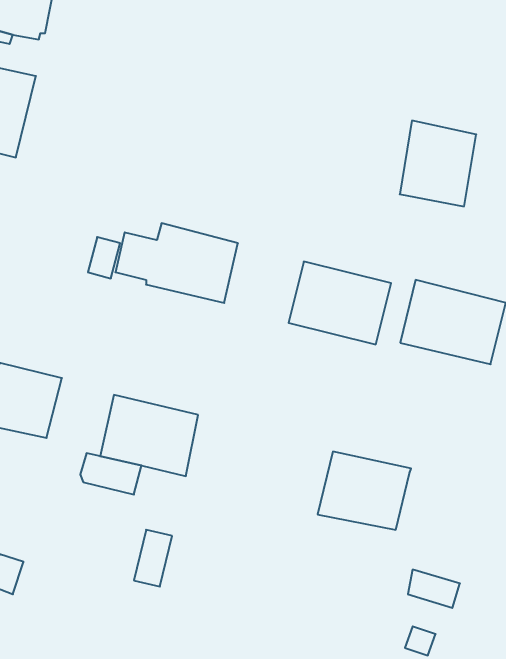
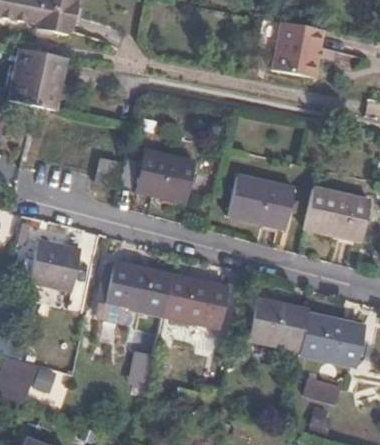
building: [400,121,476,206] -> [274,19,324,75]
building: none -> [162,276,228,330]
building: none -> [298,314,365,367]

